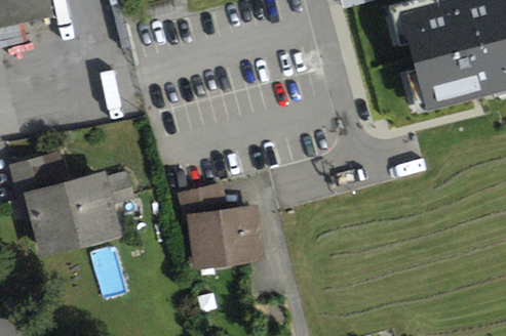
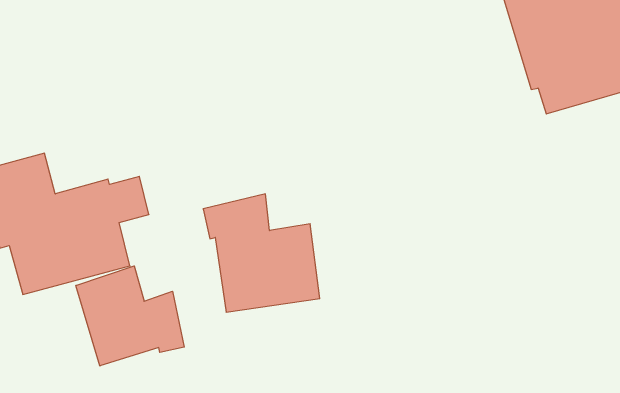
building: none -> [76,266,184,366]

